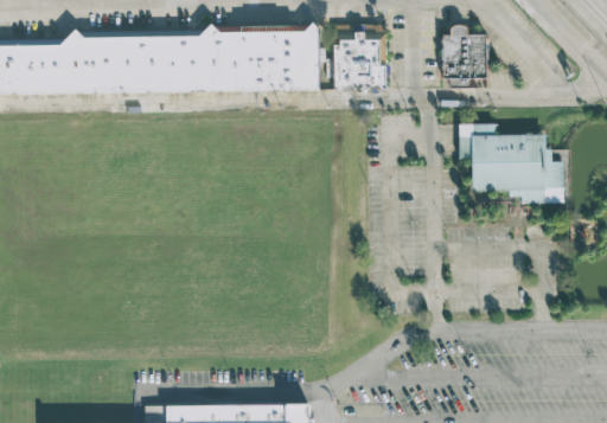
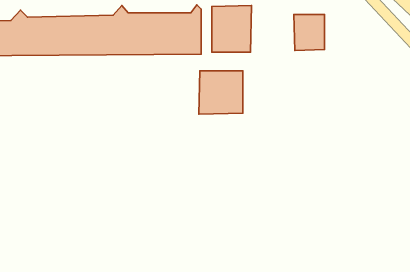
building: none -> [199,71,243,114]
building: [458,124,569,211] -> none

